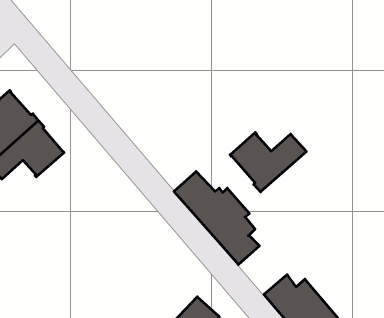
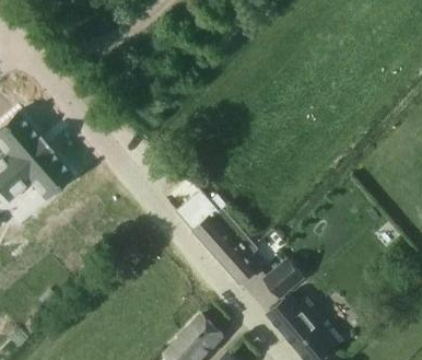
building: [230,132,306,192] -> none
building: none -> [262,258,305,301]

